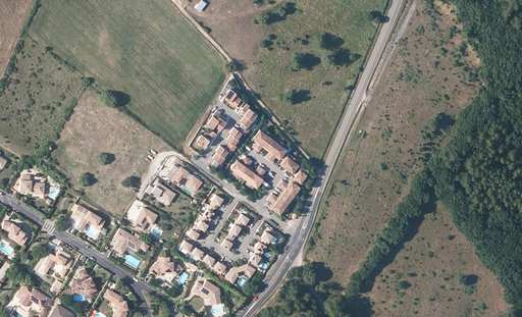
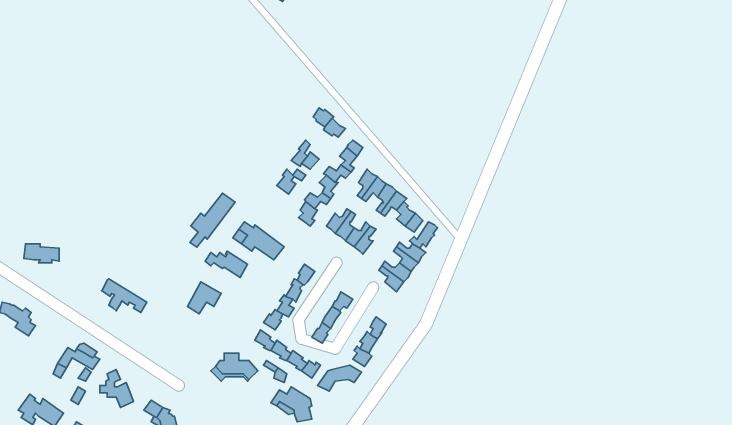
building: none -> [190,193,235,247]
building: [113,228,148,254] -> none

